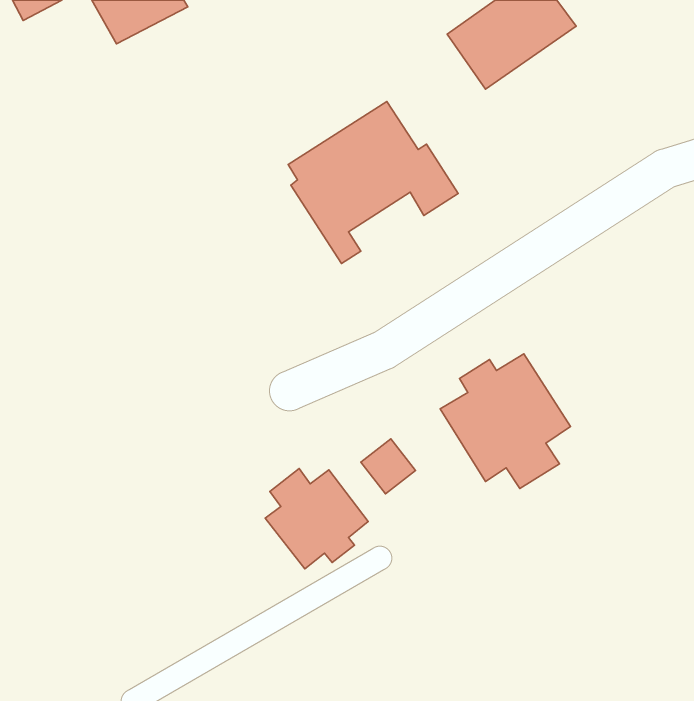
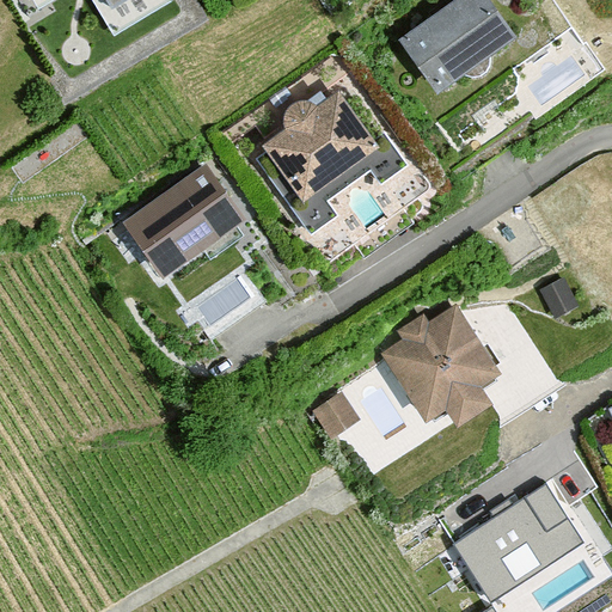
building: none -> [108,167,230,280]
building: [265,469,368,569] -> none
building: none -> [464,494,586,604]

